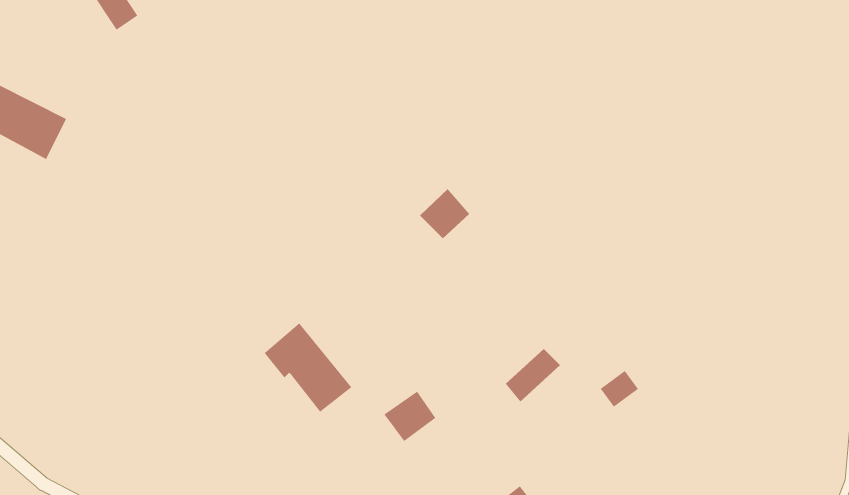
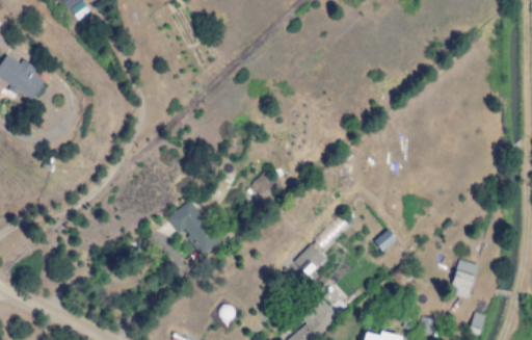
building: [419,188,470,239] -> [249,168,281,200]
building: [383,391,436,442] -> [293,243,325,274]
building: none -> [450,259,477,297]

